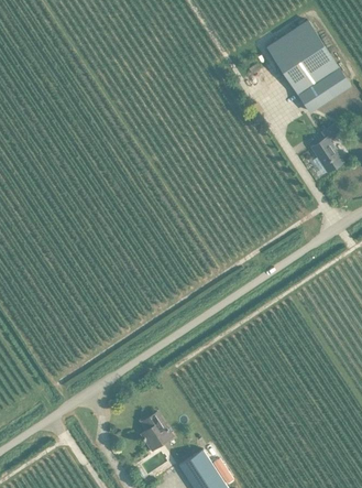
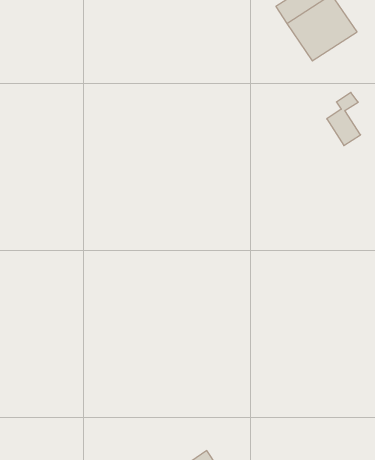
building: [299,69,351,113] -> none
building: [141,413,174,452] -> none

